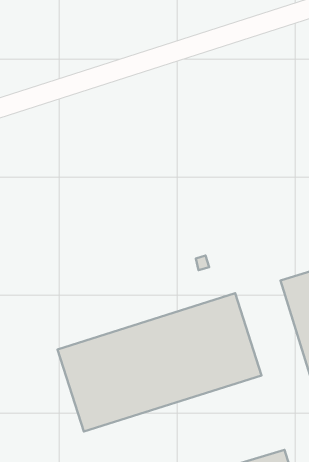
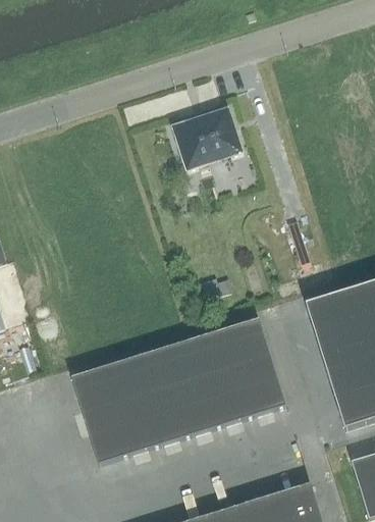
building: none -> [175,110,239,166]

